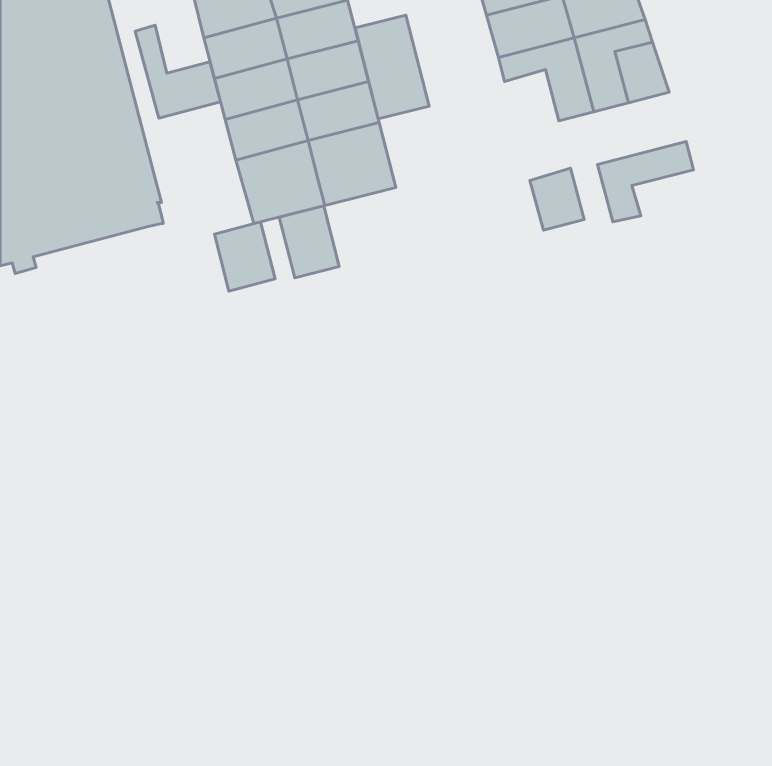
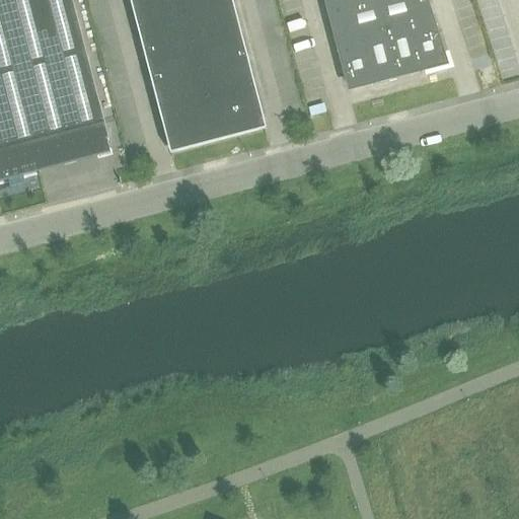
building: [355,15,429,119] -> none
building: [135,25,221,118] -> none
building: [597,142,694,222] -> none
building: [530,168,584,230] -> [339,47,375,88]
building: [279,206,339,278] -> none
building: [214,222,275,291] -> none

